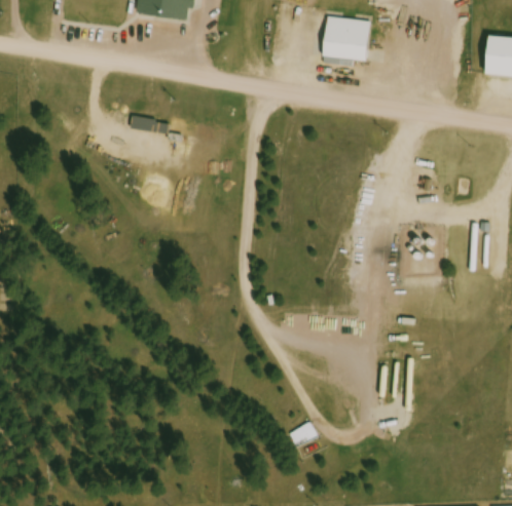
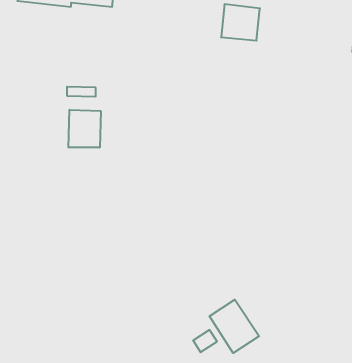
building: none -> [68,110,101,148]
building: none -> [209,300,259,353]

